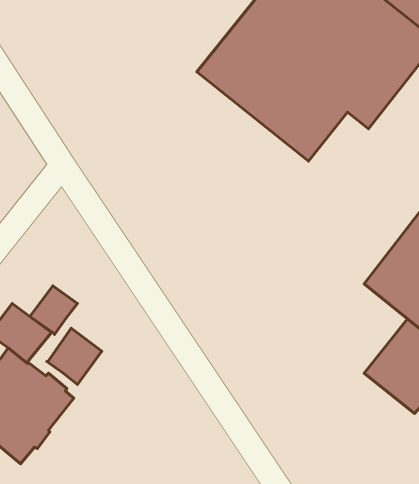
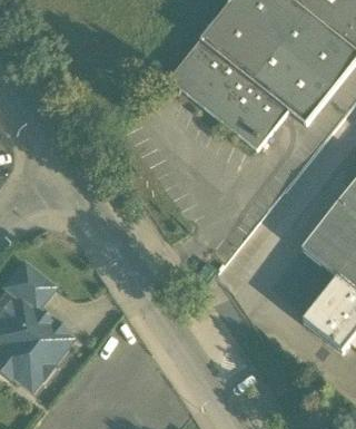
building: [30,286,78,334] -> none
building: [47,328,102,385] -> none

